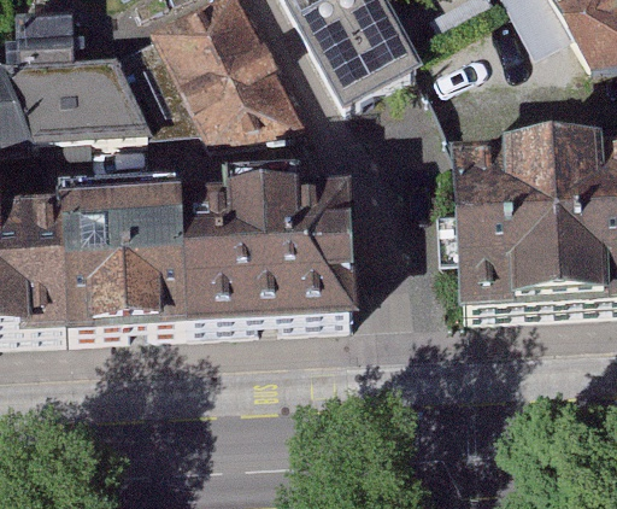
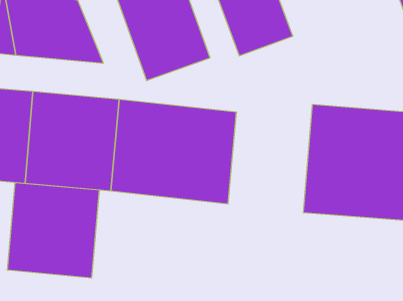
building: none -> [7,183,99,278]

